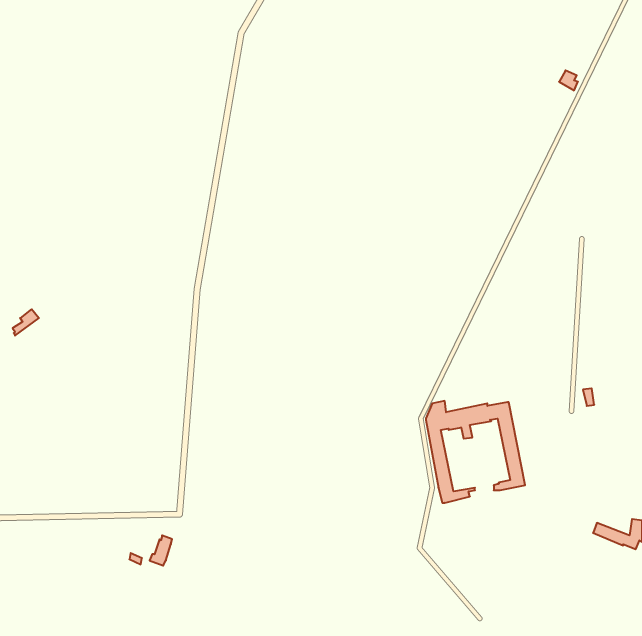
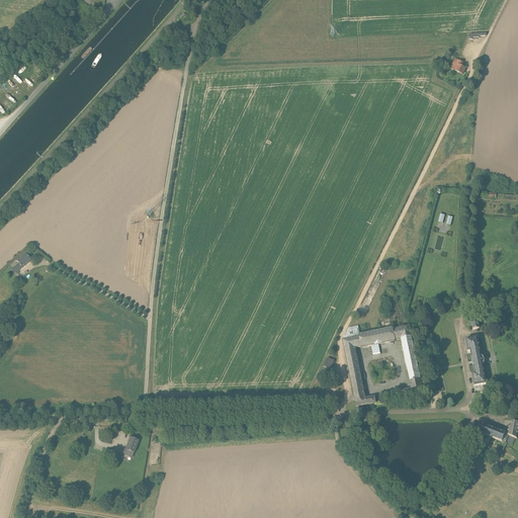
building: none -> [464,335,487,384]

